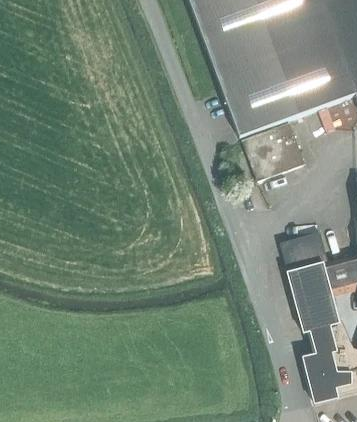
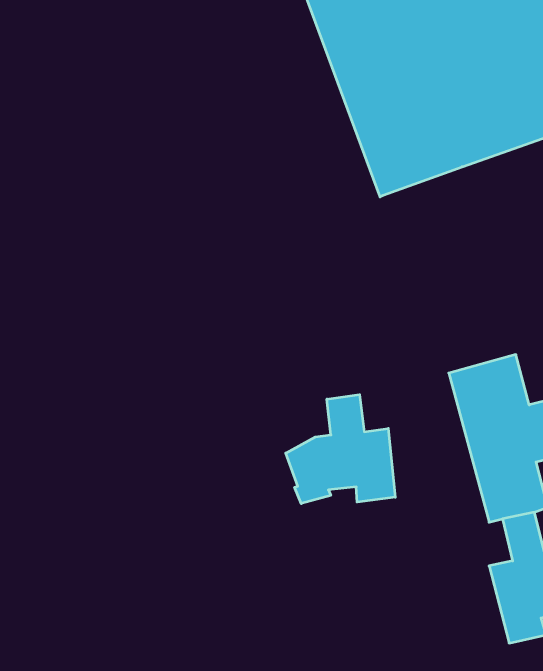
building: [242,120,304,178] -> none
building: none -> [286,395,395,504]

